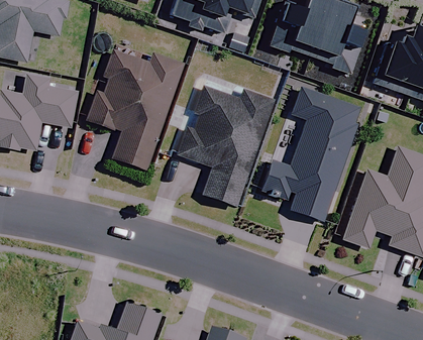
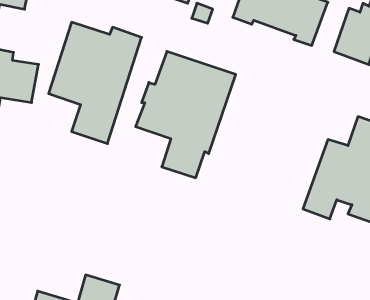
building: [266,86,361,219] -> none

